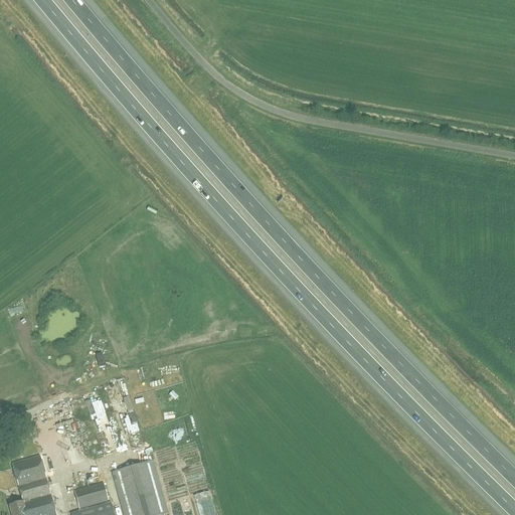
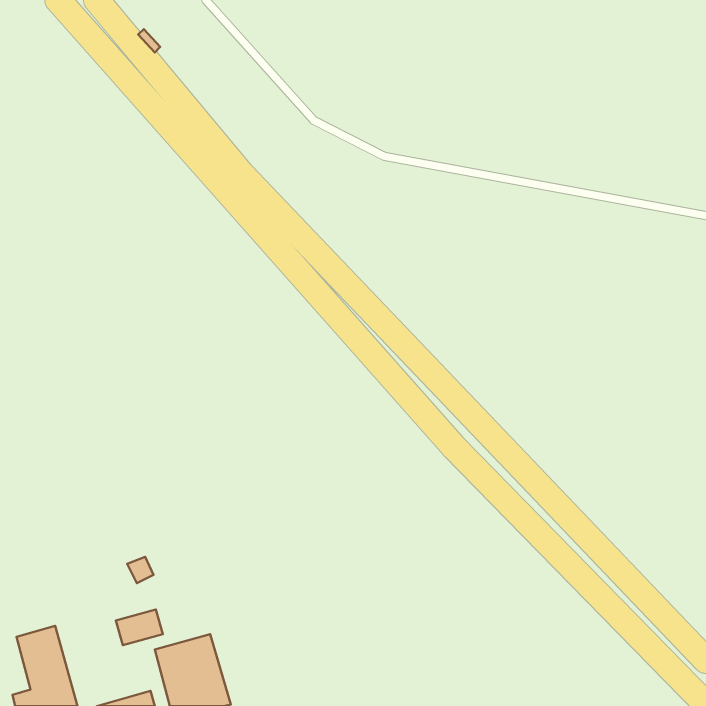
building: [73,483,108,509] -> [116,609,163,645]

